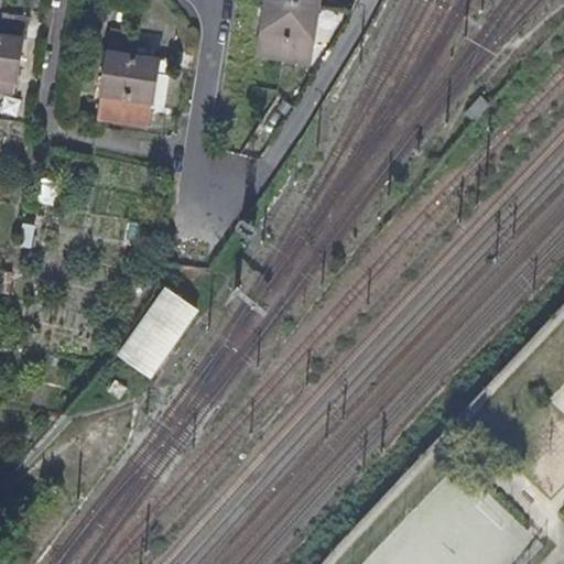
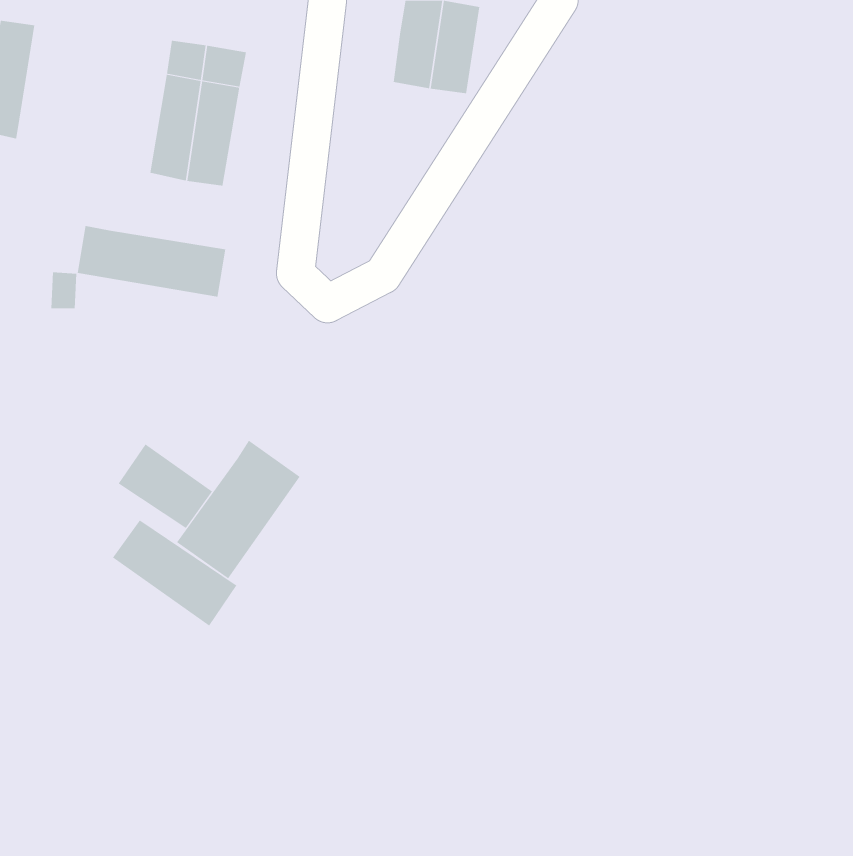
building: none -> [77,225,226,297]
building: none -> [118,444,213,529]
building: none -> [112,519,237,626]

